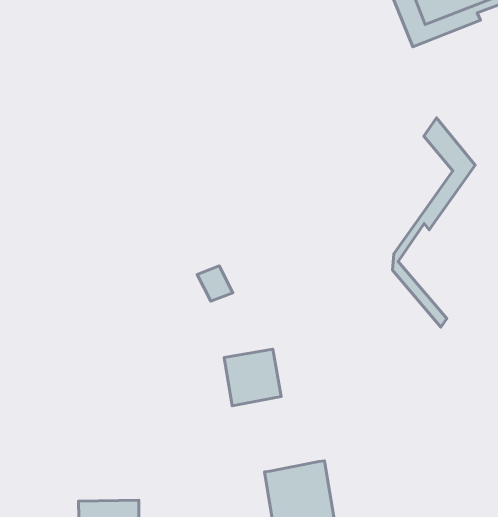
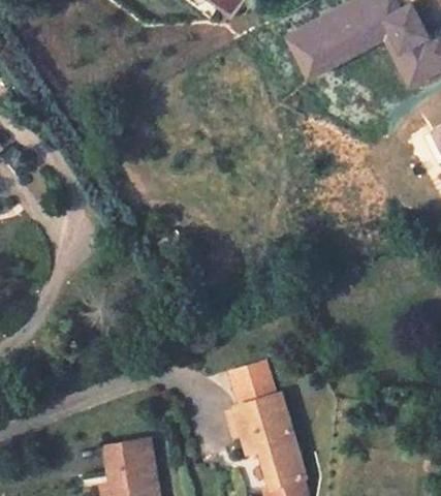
building: [392,118,475,327] -> none
building: [224,349,281,406] -> [231,360,277,405]

